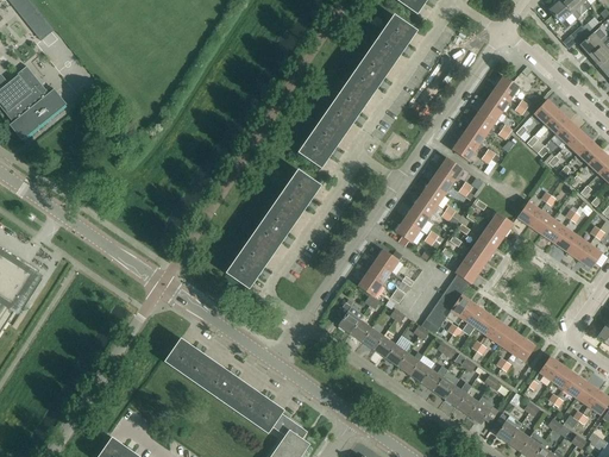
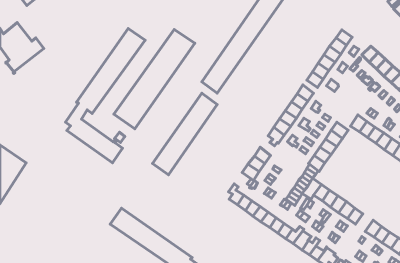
building: none -> [66,28,145,163]
building: none -> [114,29,195,129]

